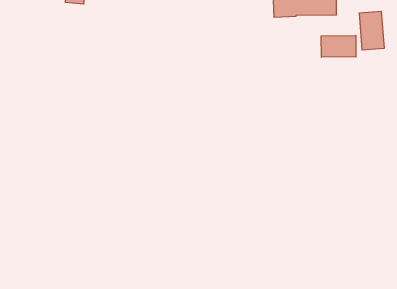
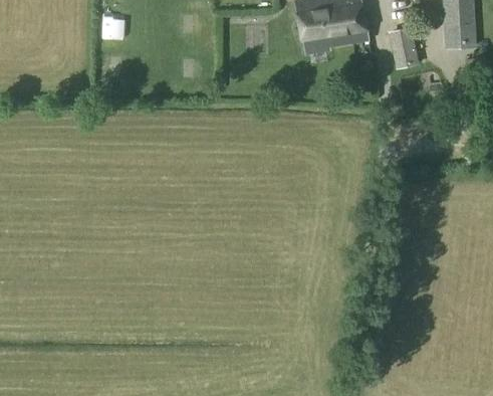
building: [321,35,356,57] -> none

